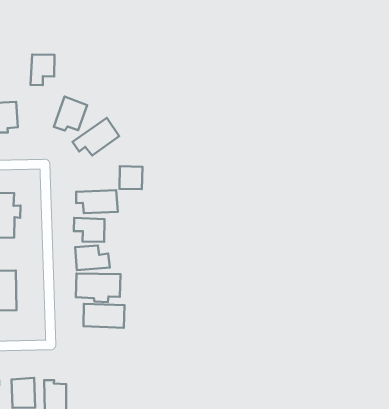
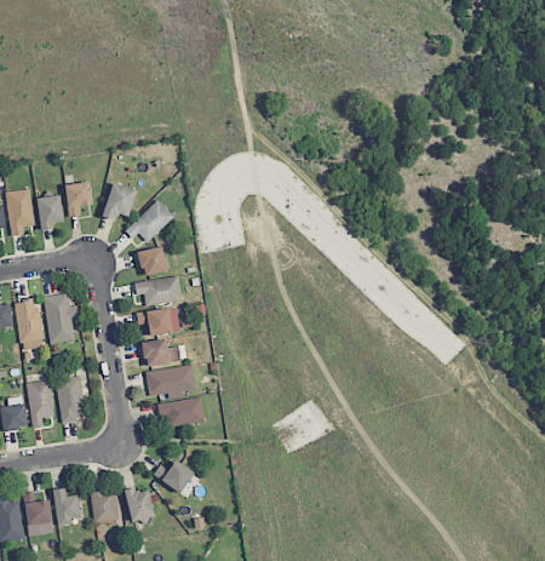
building: [31,54,55,85] -> [65,182,92,217]
building: [119,166,142,189] -> [139,248,166,275]
building: none -> [154,460,194,493]

